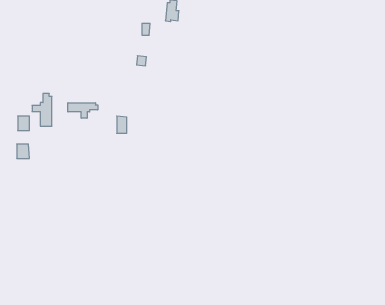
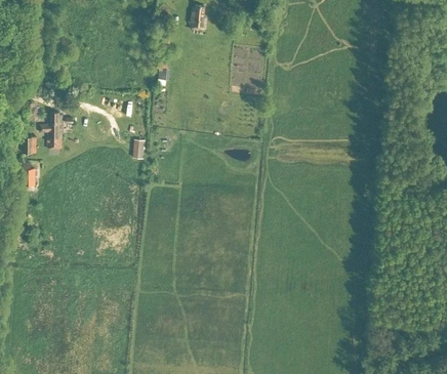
building: [68,103,98,118] -> none

